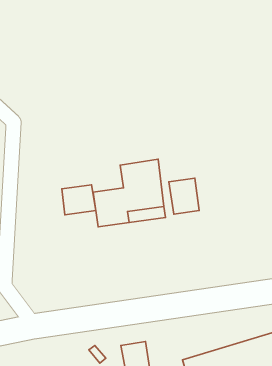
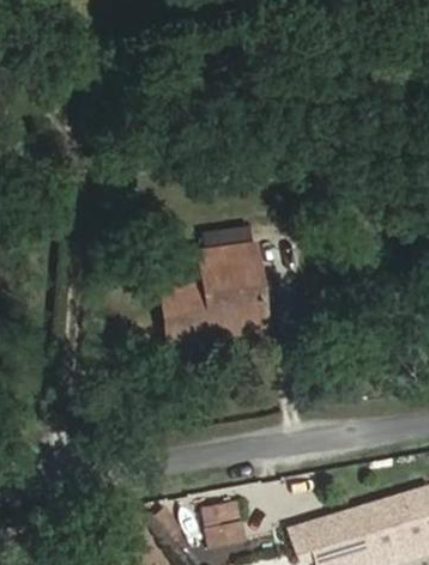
building: [169,178,199,214] -> none
building: [62,185,96,215] -> none

